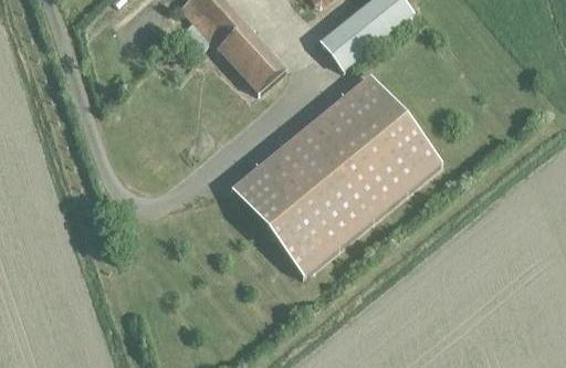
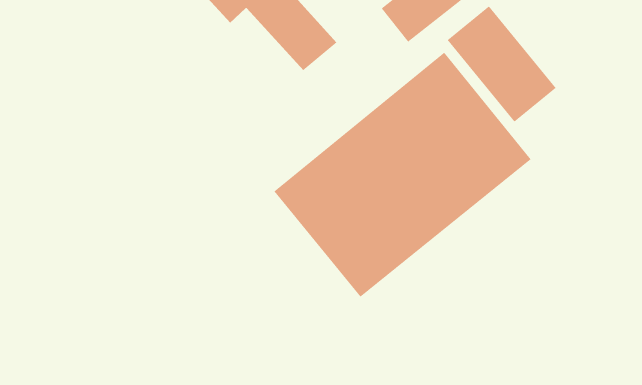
building: none -> [447,6,557,122]

